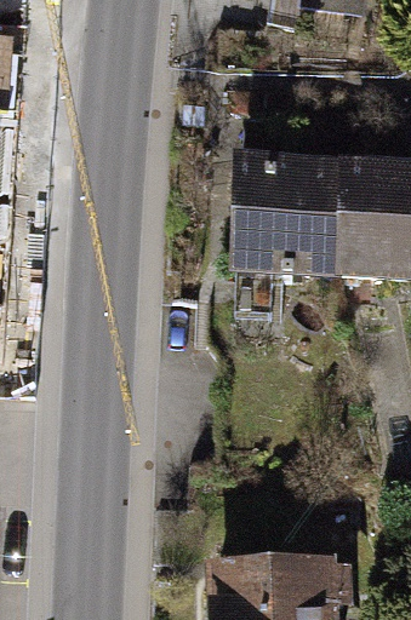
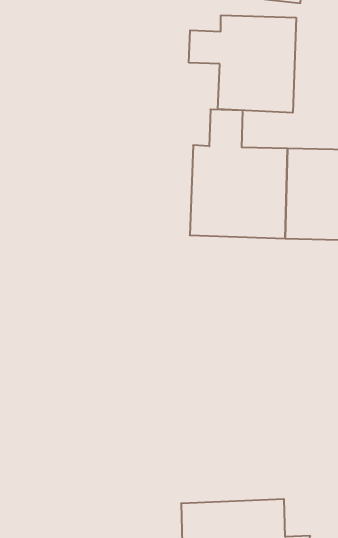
building: none -> [189,15,296,113]

